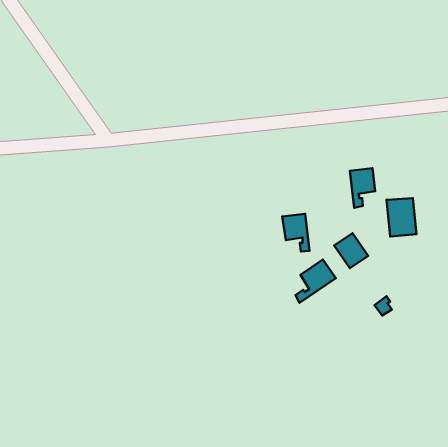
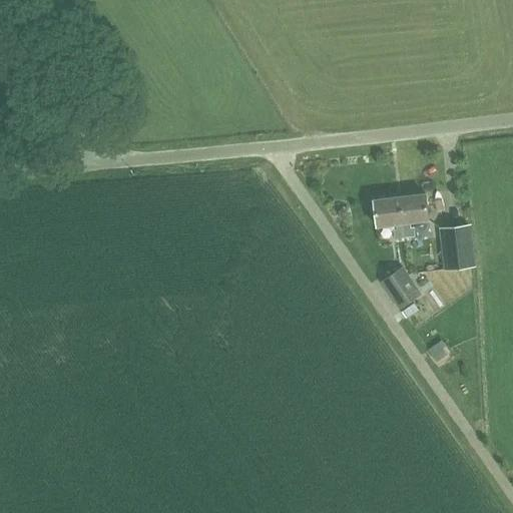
building: [282,214,310,252] -> [374,195,405,238]
building: [295,260,336,303] -> none

